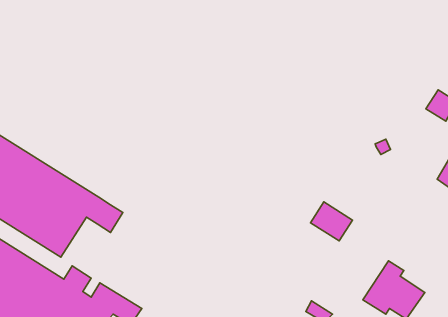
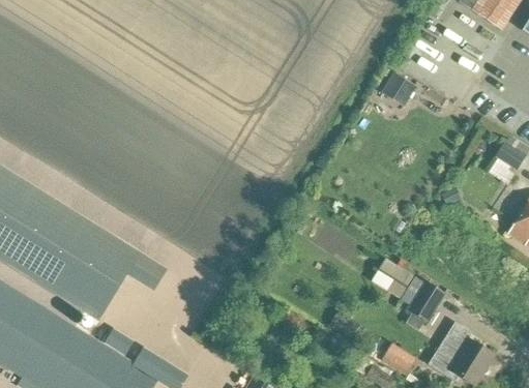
building: none -> [378,69,413,102]
building: none -> [410,285,443,323]
building: none -> [378,339,414,371]

